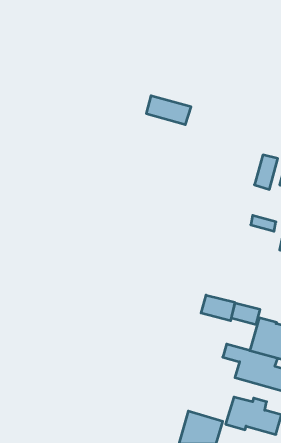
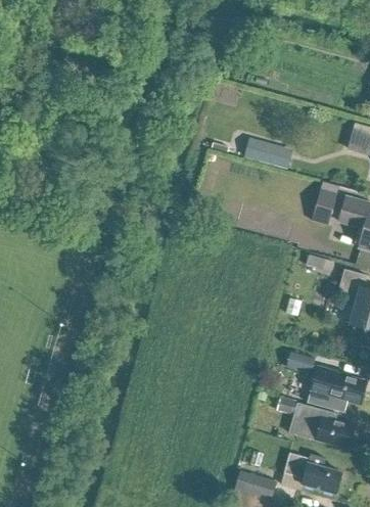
building: [146,96,191,125] -> [243,137,292,169]
building: [201,295,235,321] -> none

